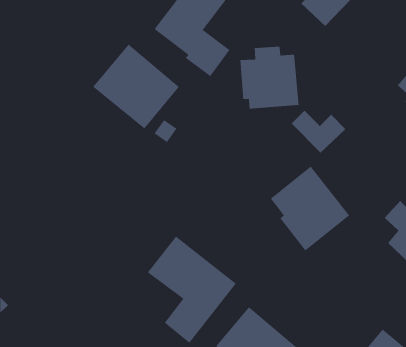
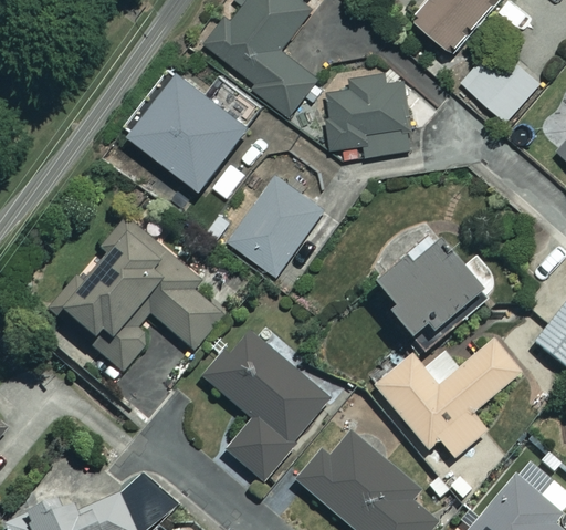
building: [291,110,346,153] -> [463,60,539,119]
building: none -> [230,174,325,273]
building: none -> [59,224,223,372]
building: none -> [375,341,520,457]

